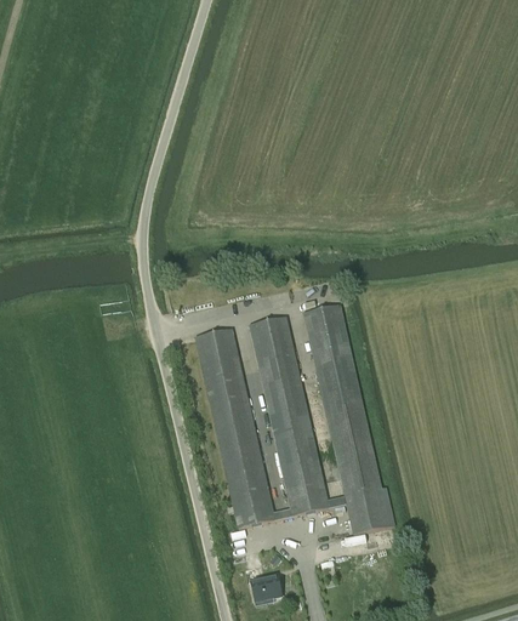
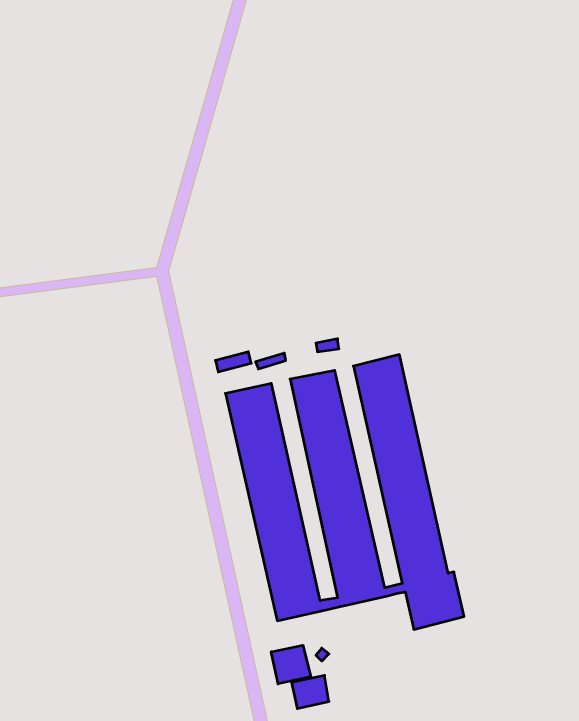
building: none -> [271,645,311,684]

